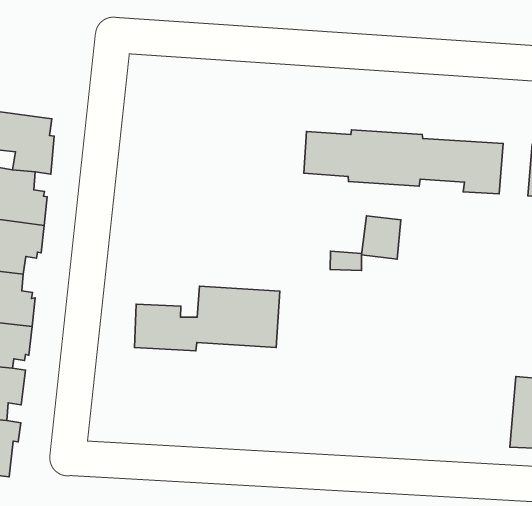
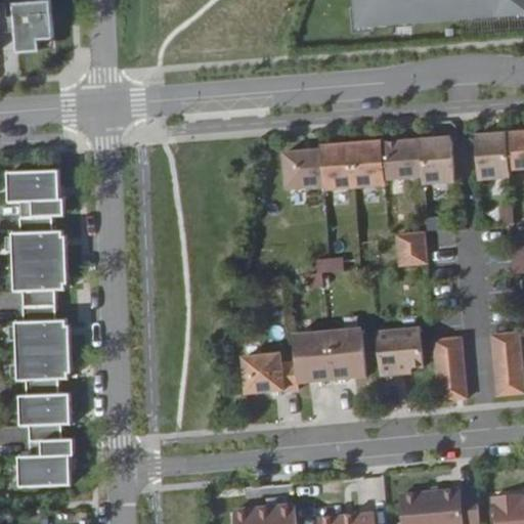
building: [362,216,401,259] -> [396,226,428,261]
building: [135,286,280,351] -> [238,328,362,394]
building: none -> [373,326,420,374]
building: none -> [431,336,463,398]

